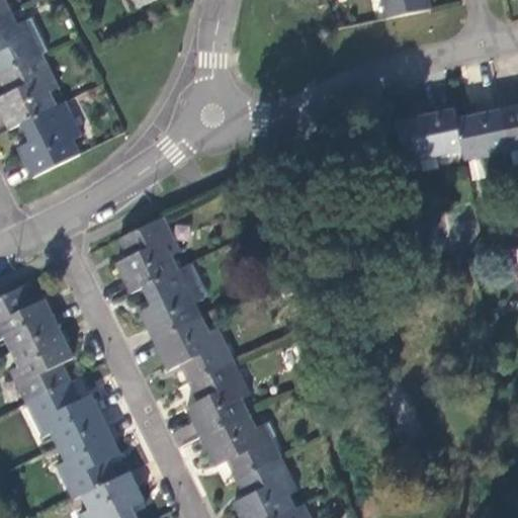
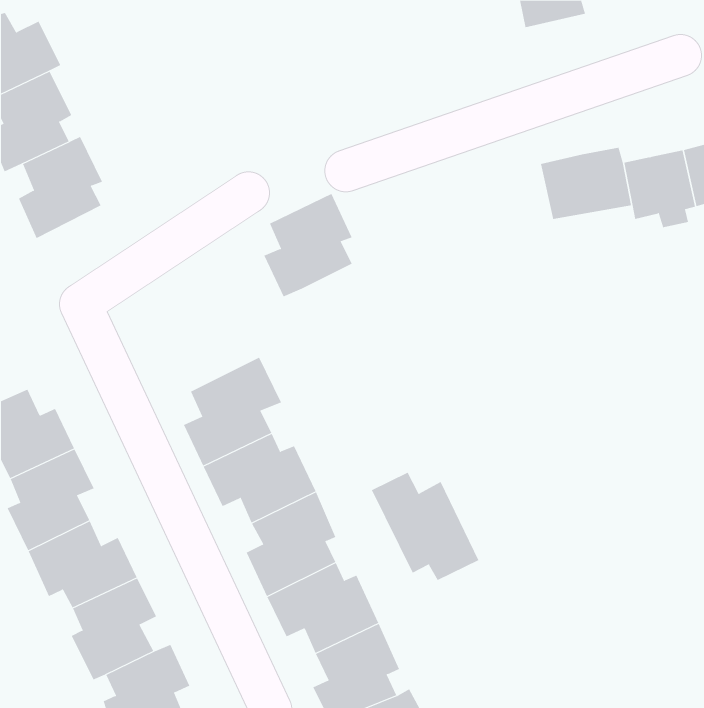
building: [114,217,179,292] -> [264,193,353,297]
building: none -> [371,472,479,581]

